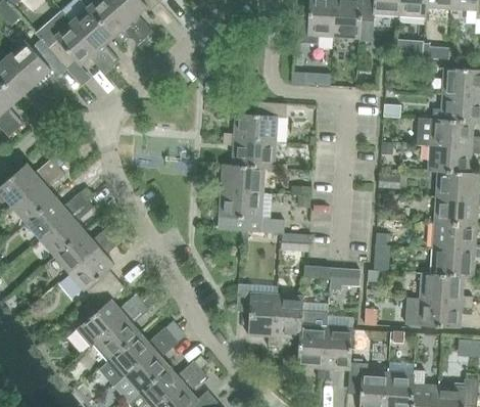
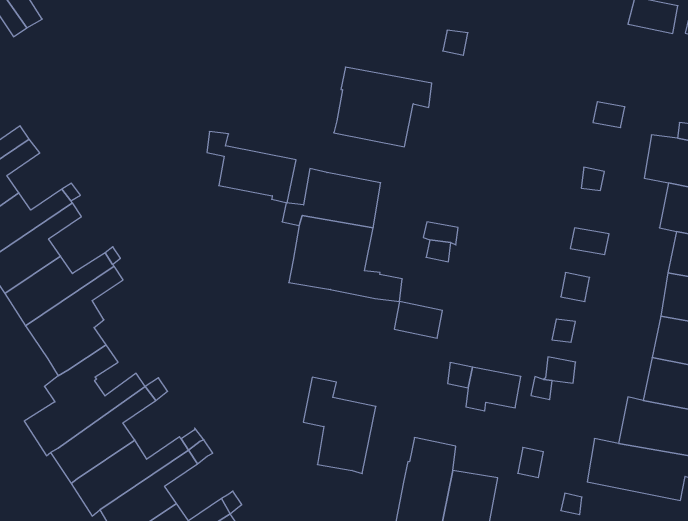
building: [224,133,276,169] -> [207,132,296,203]
building: [268,296,303,347] -> none

